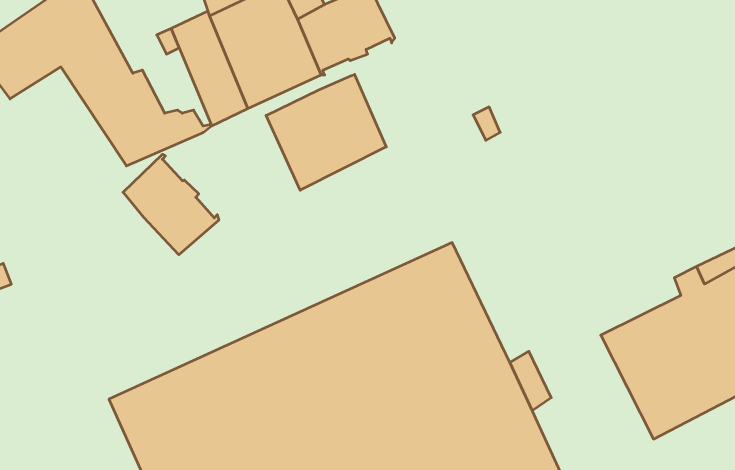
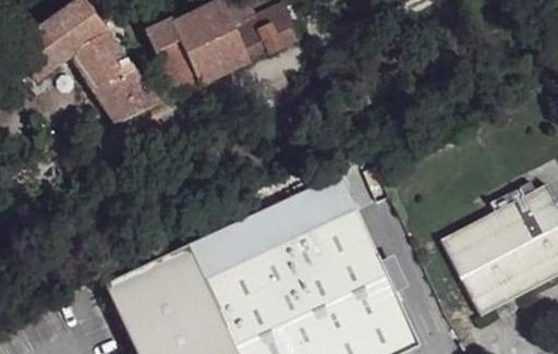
building: [266,74,386,190] -> none
building: [123,154,219,255] -> none

